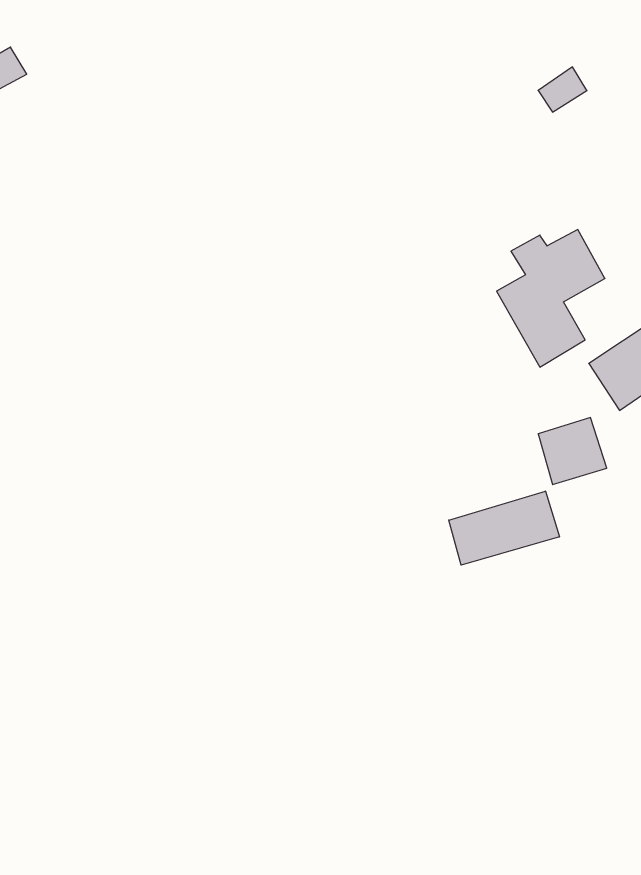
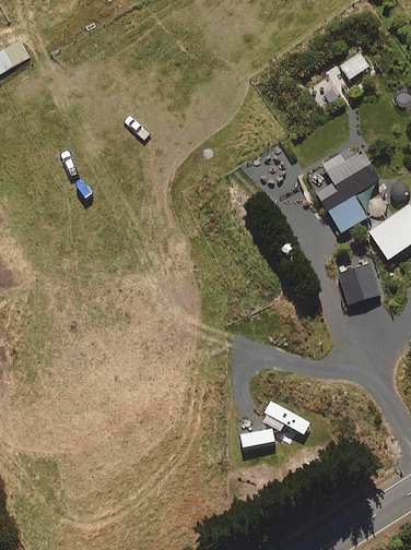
building: [449,491,559,565] -> none

